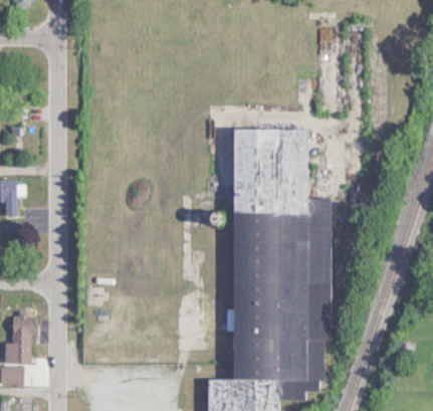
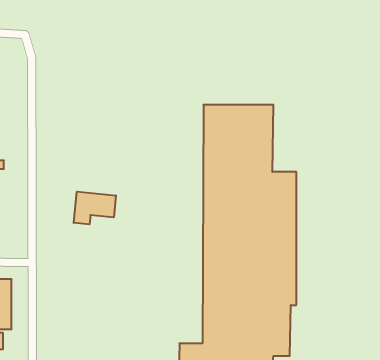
building: none -> [74,192,116,224]

